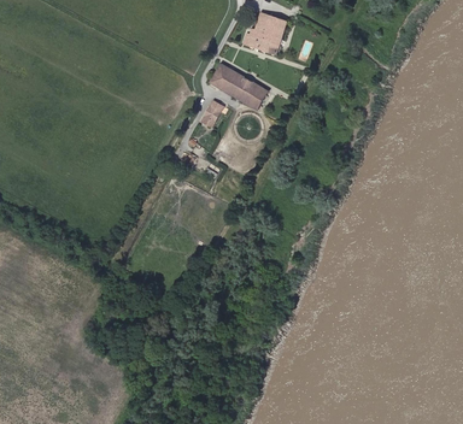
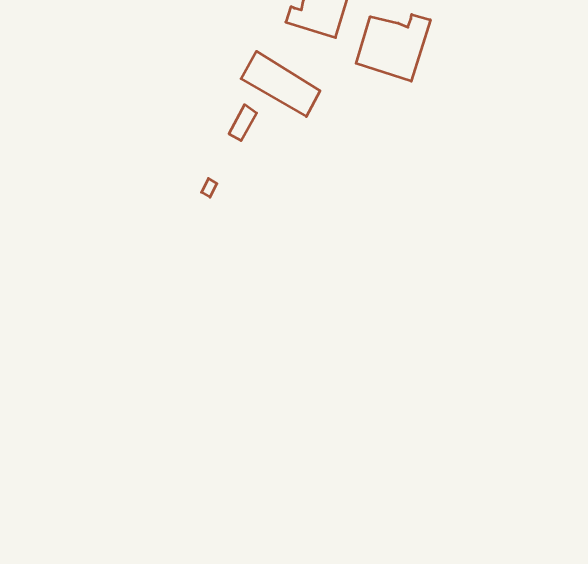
building: none -> [356,14,430,81]

